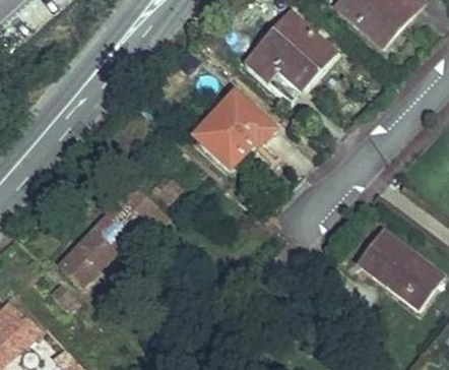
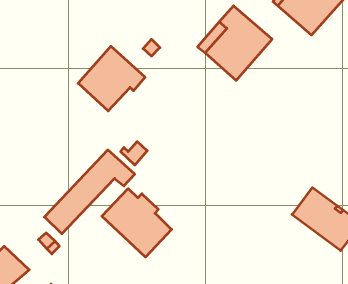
building: [193,90,274,169] -> [78,46,145,111]
building: none -> [102,189,172,257]

